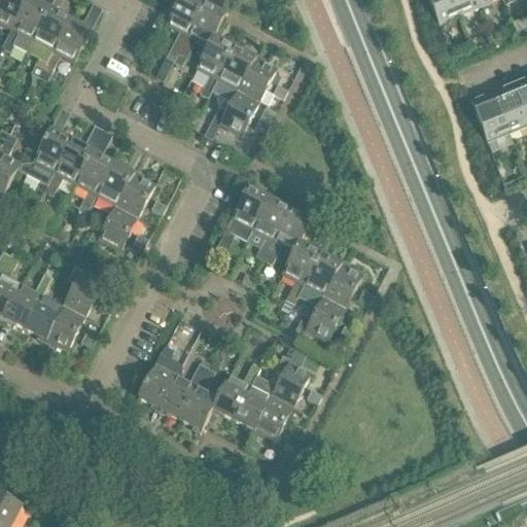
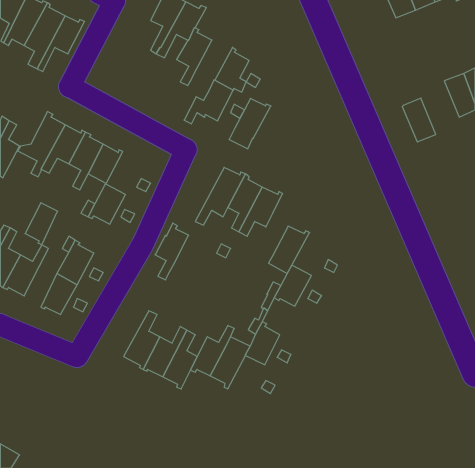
building: [211,44,257,100] -> [229,98,271,149]
building: [471,90,508,138] -> [402,98,436,142]
building: [117,168,157,215] -> none
building: [282,237,319,300] -> [155,223,189,280]
building: [323,257,361,305] -> none
building: [27,293,63,340] -> [25,203,58,245]
building: [252,393,293,438] -> none

